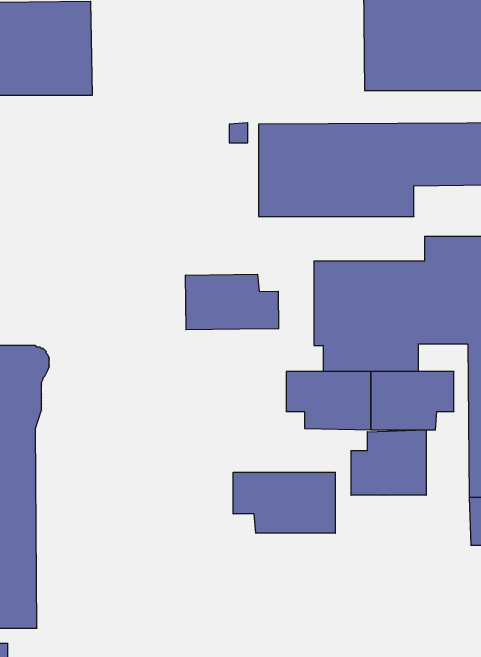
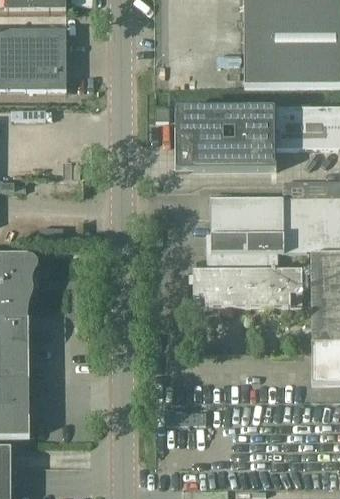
building: [186,274,279,330] -> none
building: [351,430,426,495] -> none
building: [233,472,335,533] -> none

